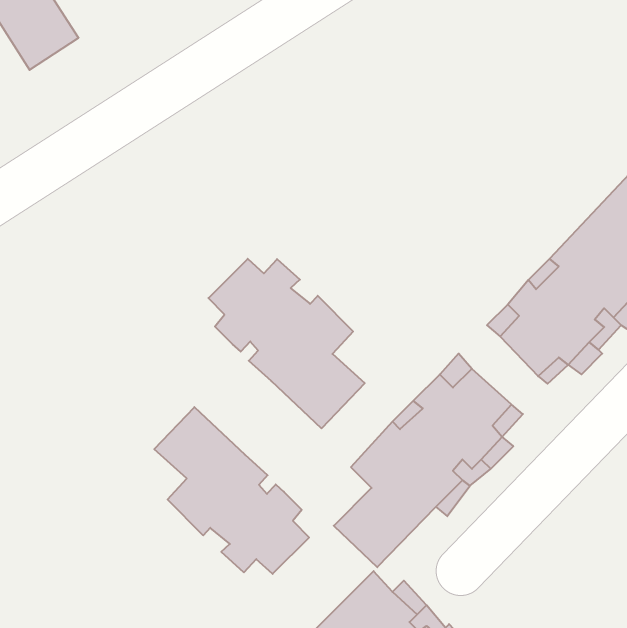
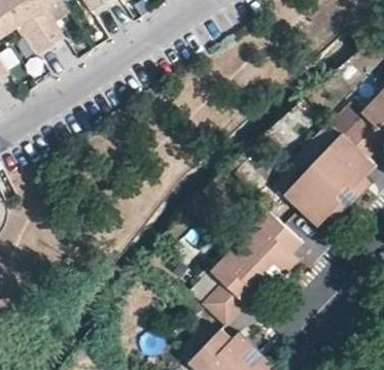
building: [208,259,365,428] -> none
building: [154,407,309,574] -> none

